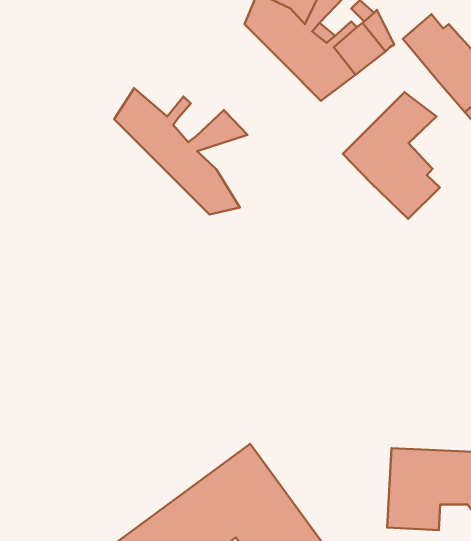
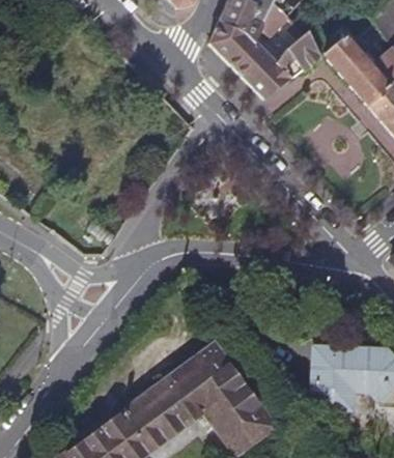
building: [114,88,248,215] -> none
building: [343,92,440,219] -> none

